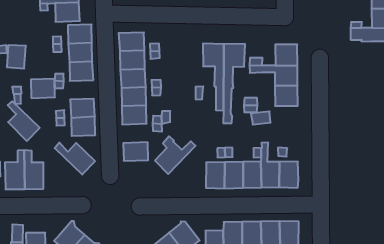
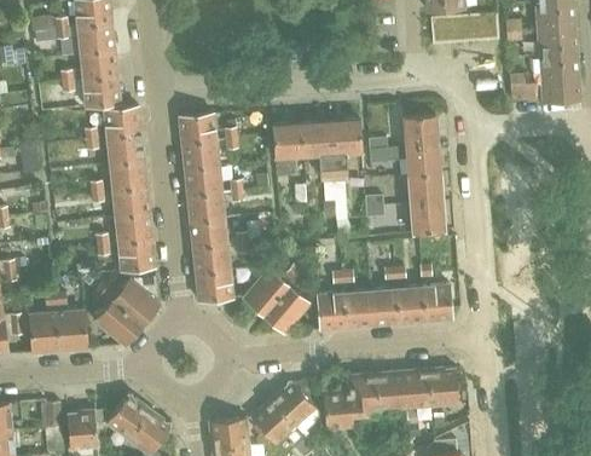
building: none -> [271,123,302,157]
building: [31,79,55,98] -> [112,187,149,218]
building: [8,101,40,141] -> [92,289,140,345]
building: none -> [410,203,445,235]
building: none -> [192,244,231,275]
building: none -> [263,271,309,331]

